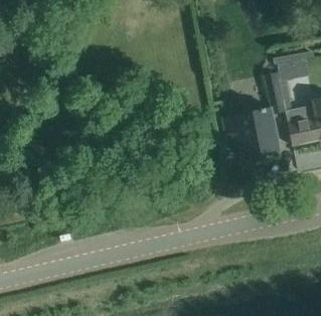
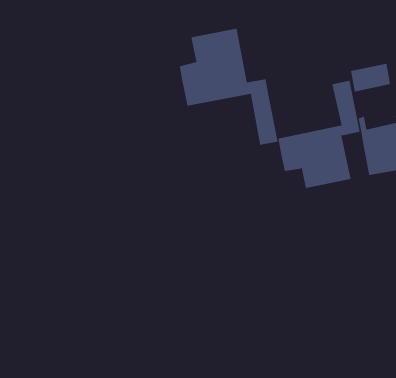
building: none -> [179,28,278,146]

